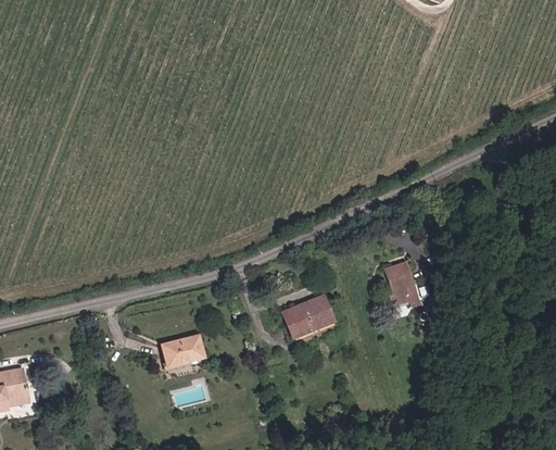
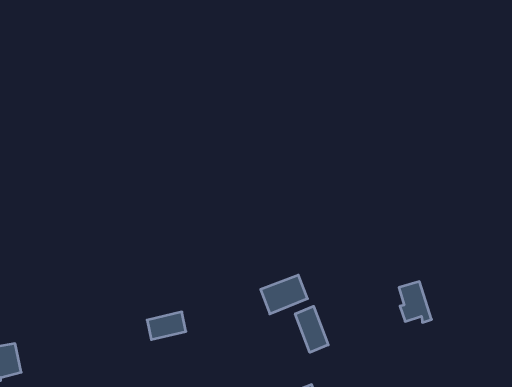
building: [384,262,419,305] -> [399,282,432,322]
building: none -> [295,306,328,352]

